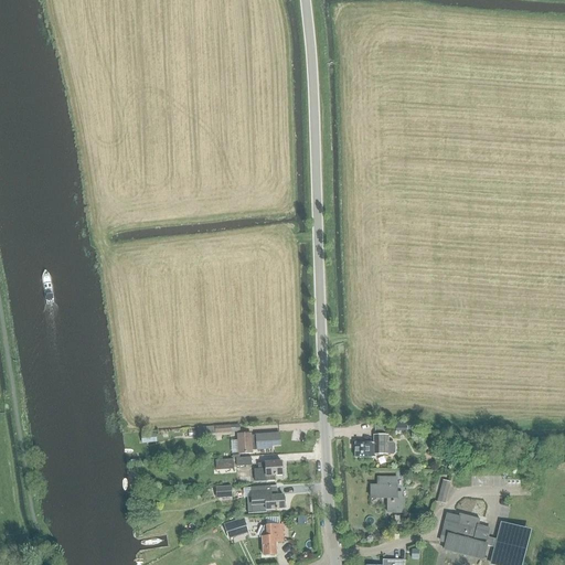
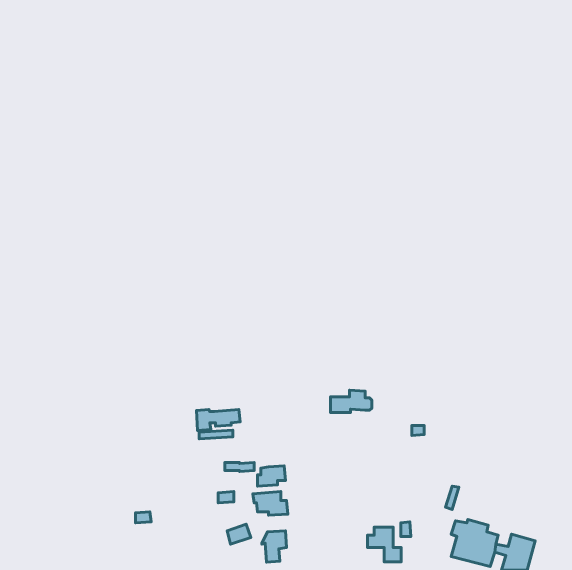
building: [236,431,279,452] -> [196,409,240,431]
building: [354,435,395,457] -> [330,390,372,413]
building: [372,478,405,512] -> [368,527,401,562]

